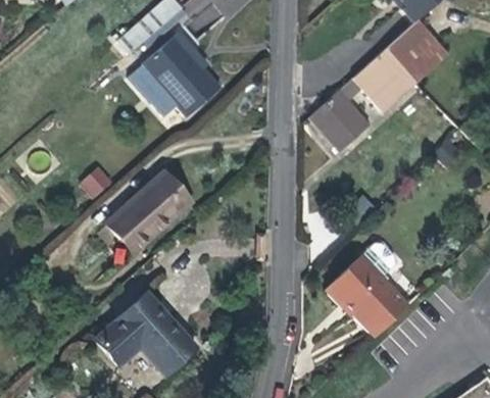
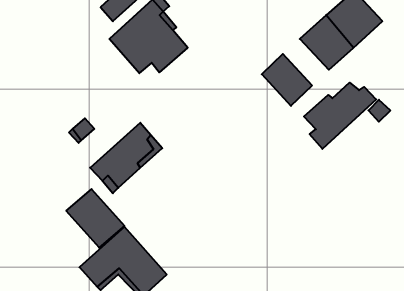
building: none -> [304,83,376,149]
building: none -> [66,189,124,248]
building: [316,251,404,348] -> none

